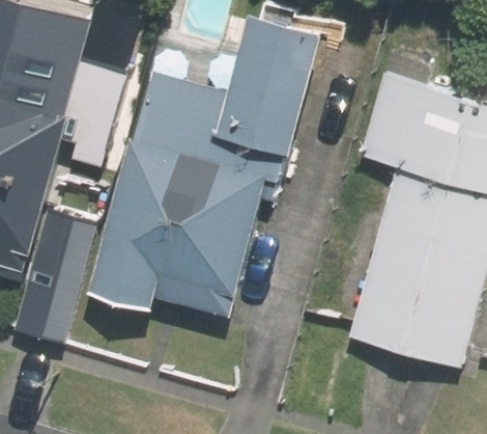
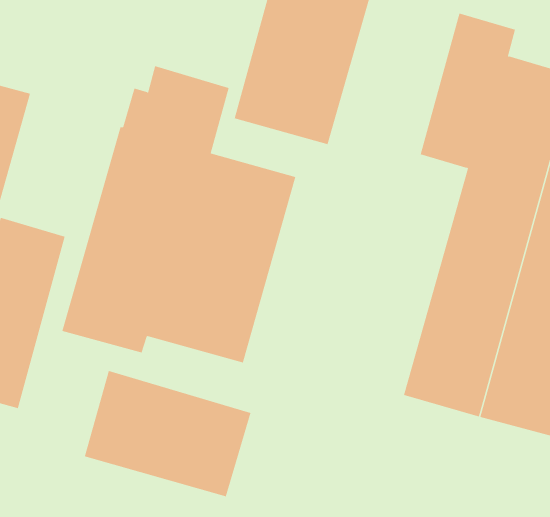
building: none -> [84,370,251,497]

